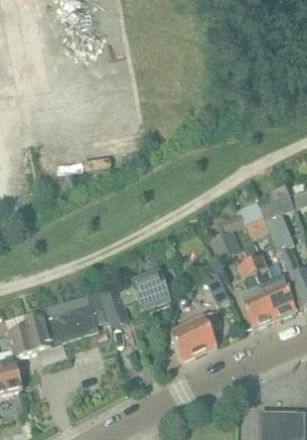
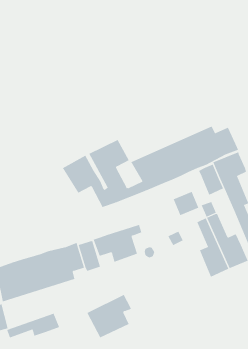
building: none -> [62,126,239,208]
building: [167,311,218,361] -> [87,294,131,338]
building: none -> [6,313,60,338]

